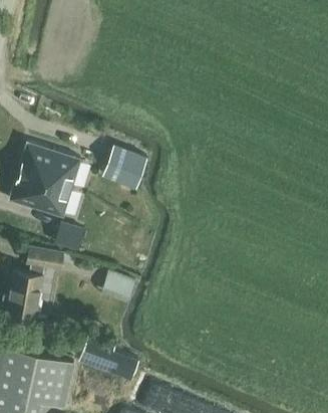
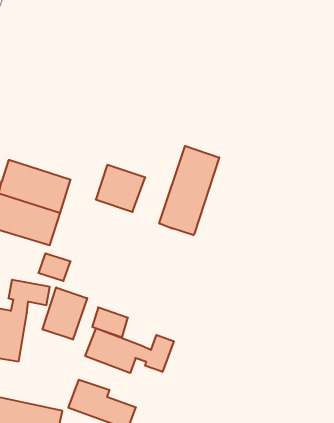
building: none -> [159,146,219,235]
building: none -> [43,287,87,340]
building: none -> [85,328,174,373]

